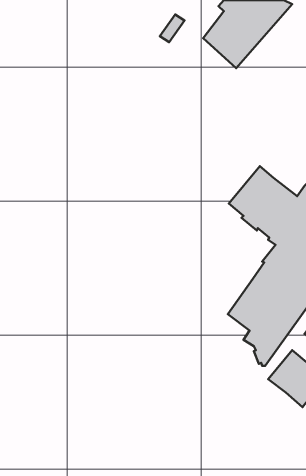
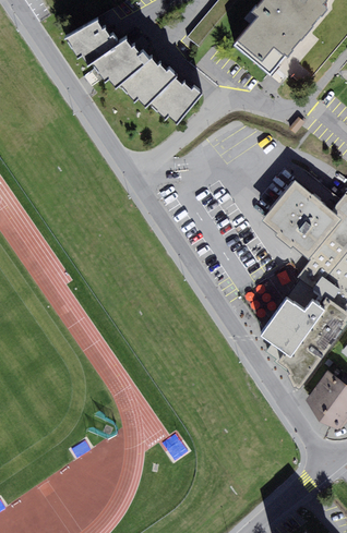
building: none -> [62,17,204,122]

